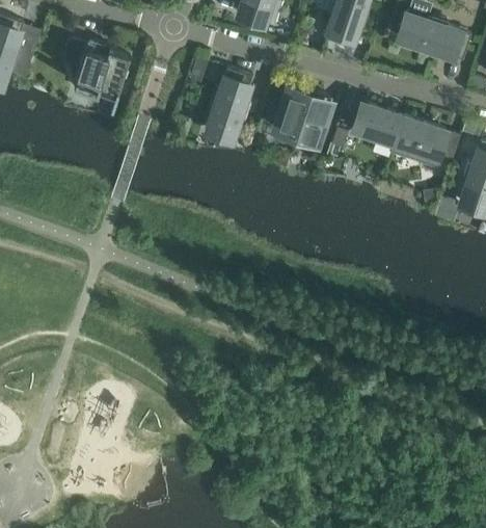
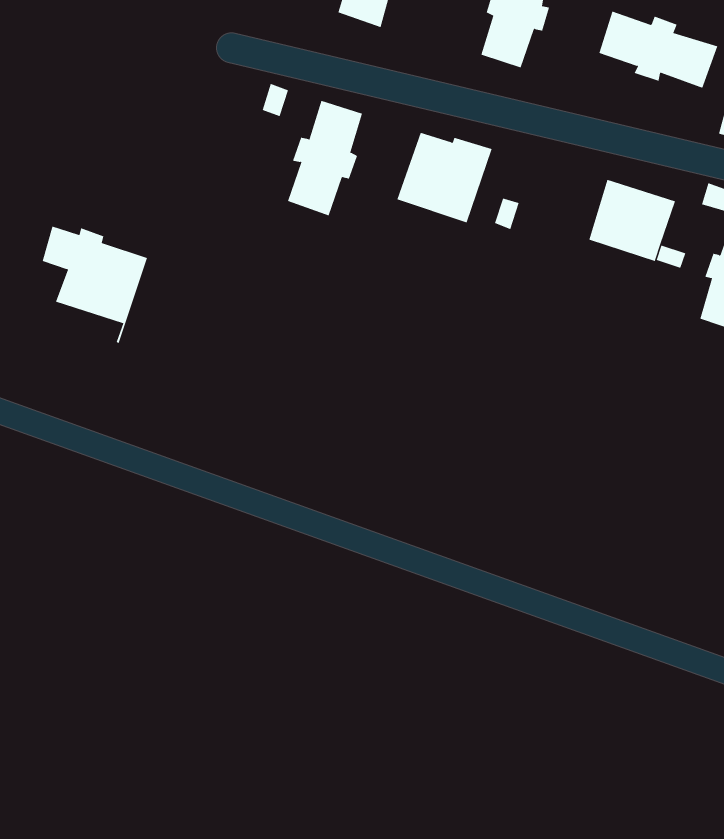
building: [64,39,130,112] -> [42,226,148,344]
building: [353,105,403,146] -> none

